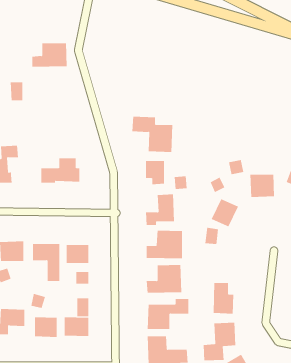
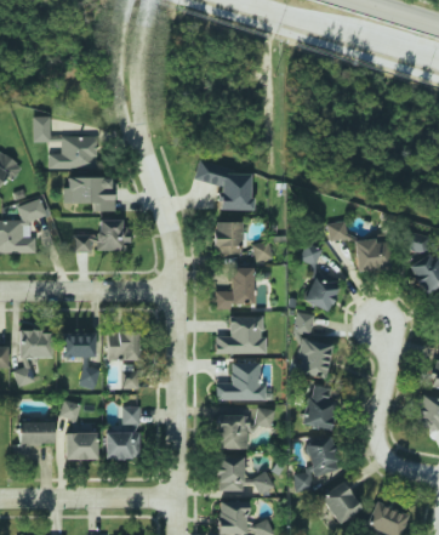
building: [32,43,68,67] -> [49,136,97,169]
building: none -> [64,177,114,211]
building: none -> [296,338,332,379]

